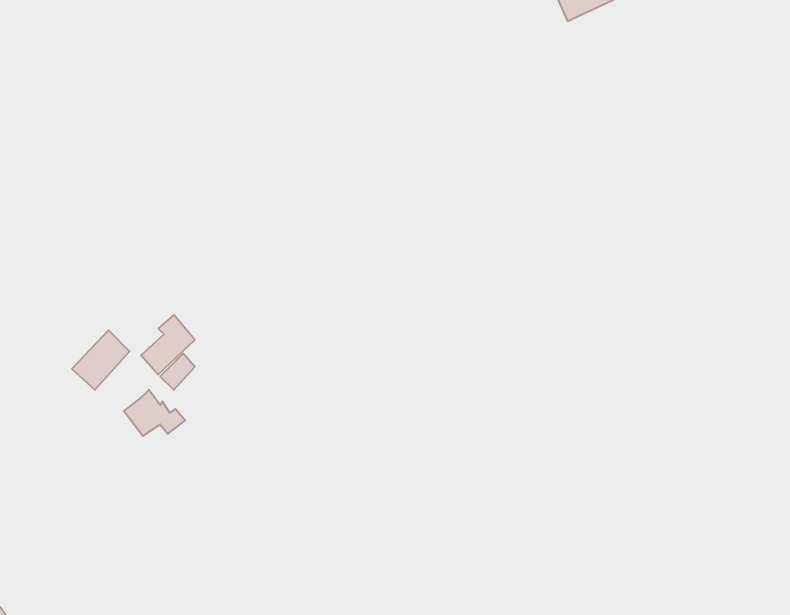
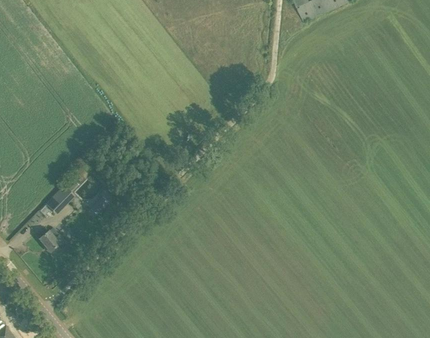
building: [124,390,185,436] -> [39,227,71,251]

